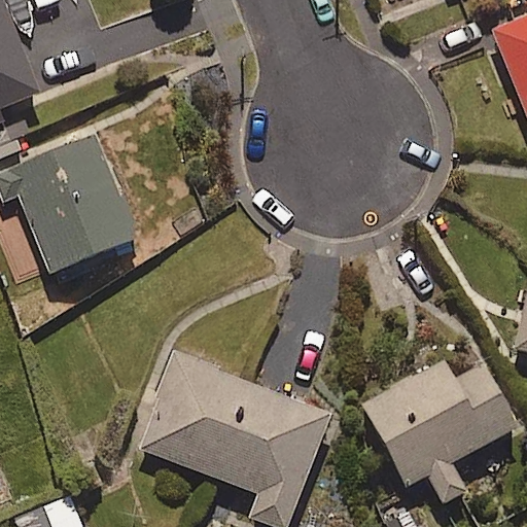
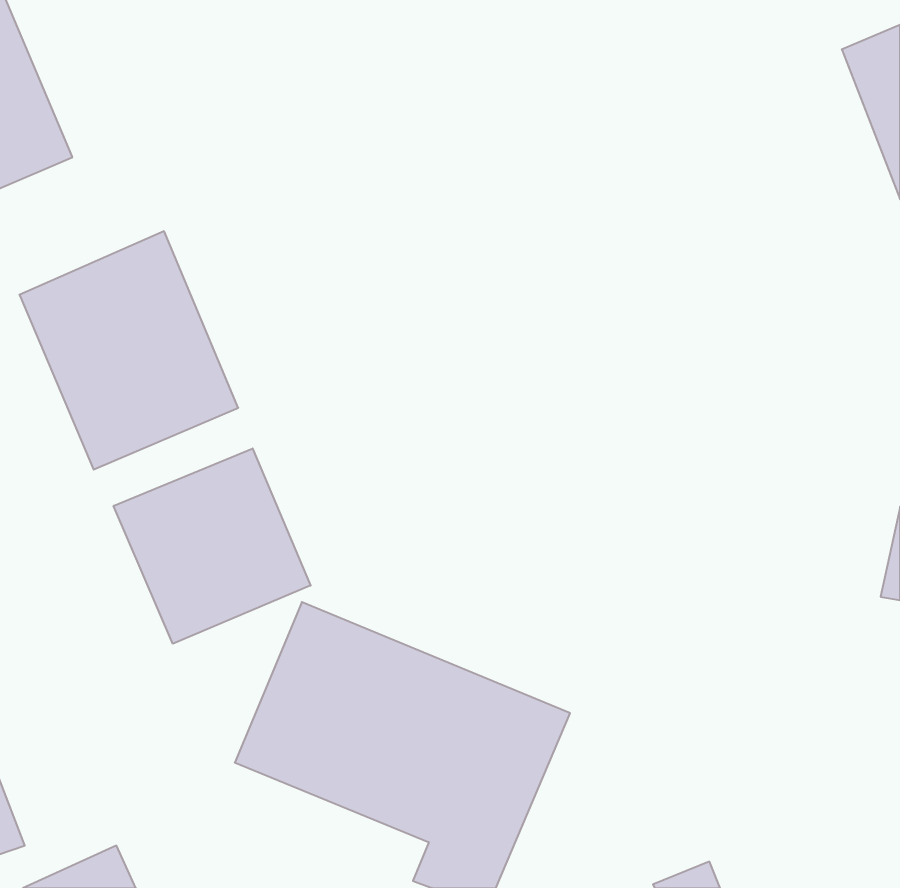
building: none -> [114,448,311,644]
building: [362,360,517,505] -> none

